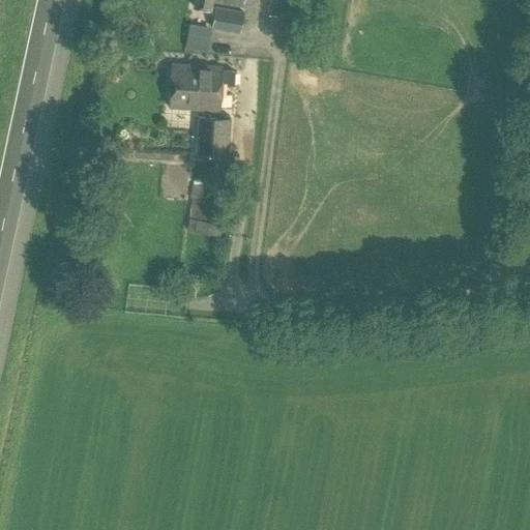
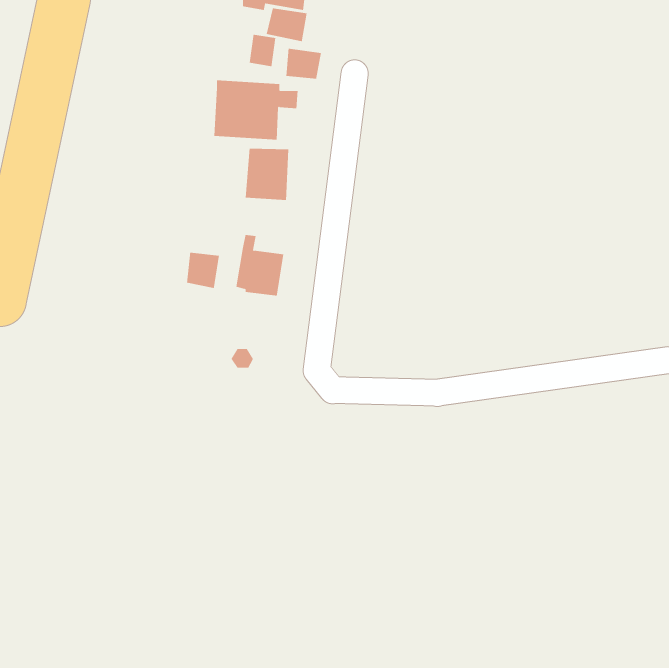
building: none -> [286,48,322,79]
building: none -> [187,252,219,289]

